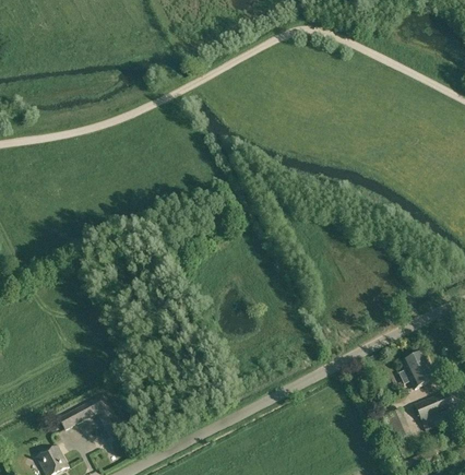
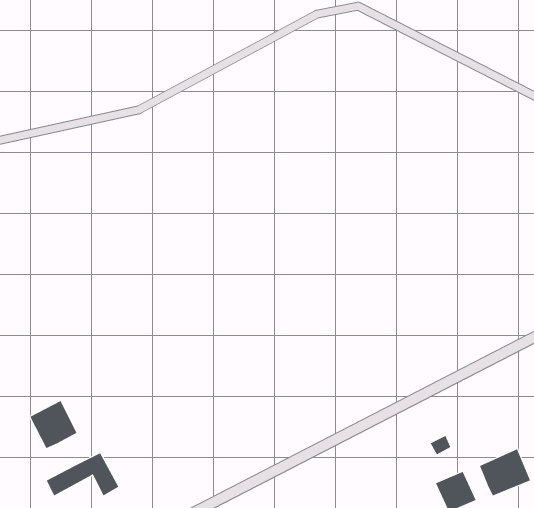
building: none -> [29,400,77,449]
building: [400,352,441,388] -> none

